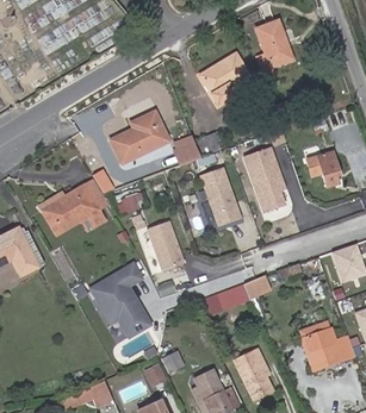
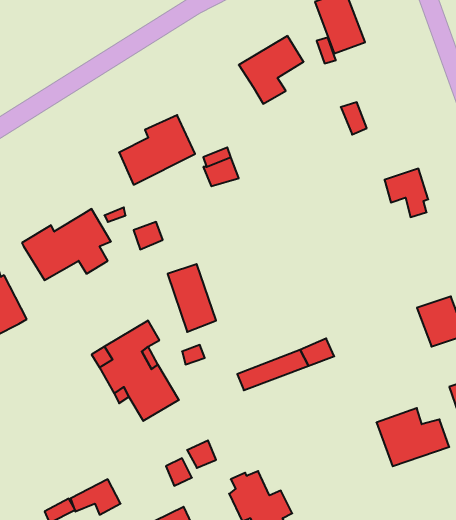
building: [243,149,283,211] -> none
building: [204,180,240,224] -> none
building: [234,349,272,400] -> none

